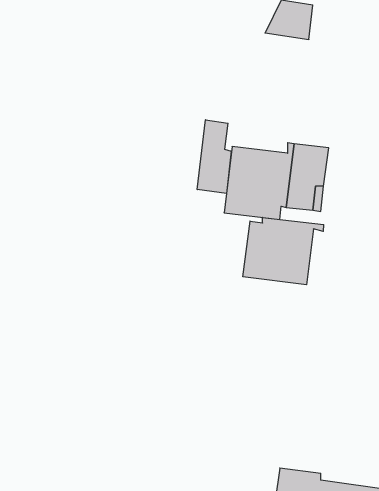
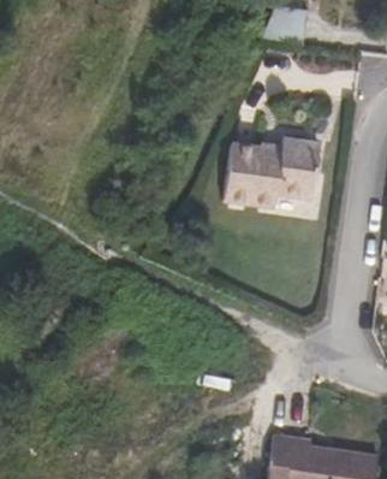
building: [197,120,231,193] -> none
building: [243,217,324,285] -> none

